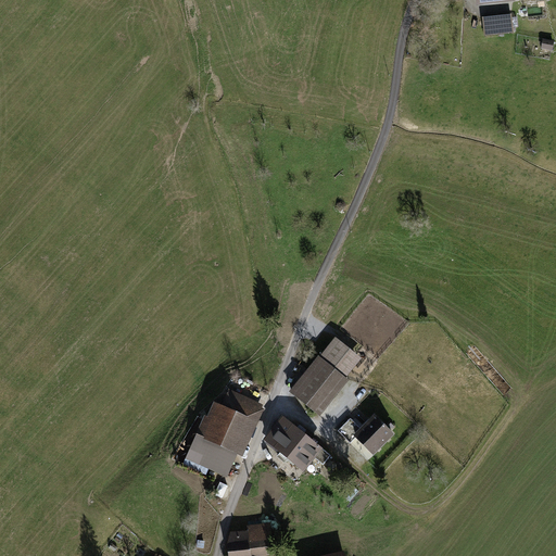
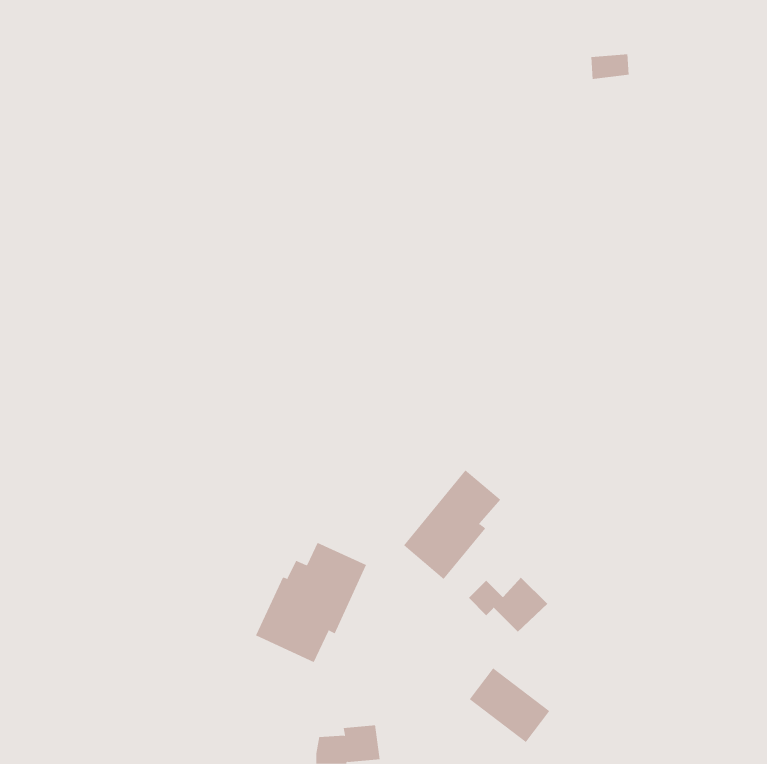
building: [480,11,508,29] -> [590,54,630,79]
building: [264,417,323,471] -> [469,667,550,743]

